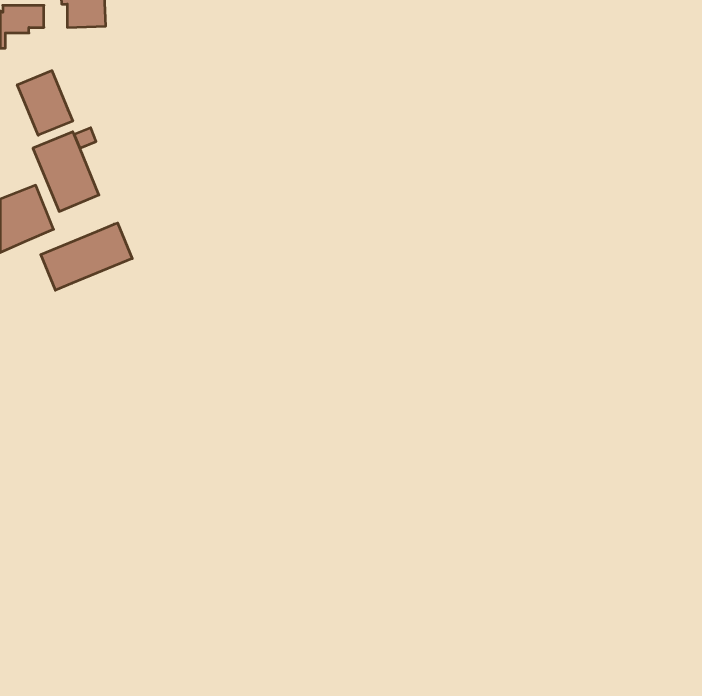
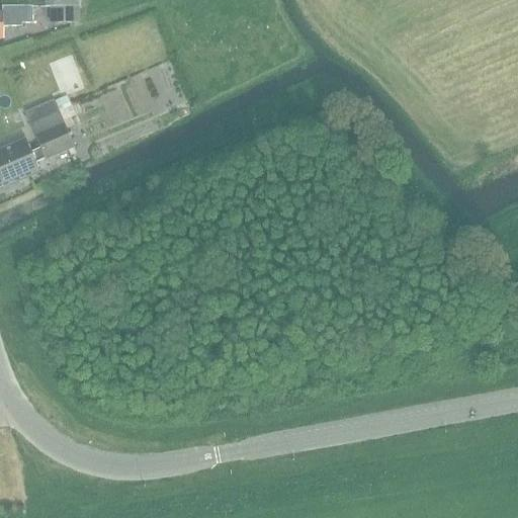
building: [17,71,73,135] -> none
building: [41,223,132,290] -> none

